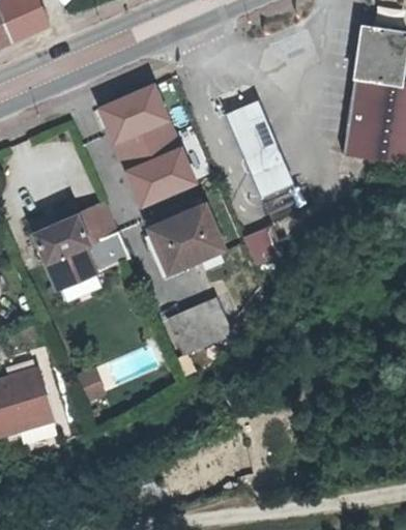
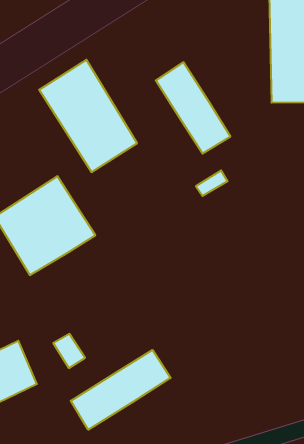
building: [148,204,222,271] -> none
building: [167,297,230,352] -> none
building: none -> [71,350,171,430]

